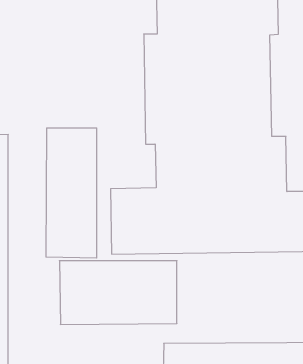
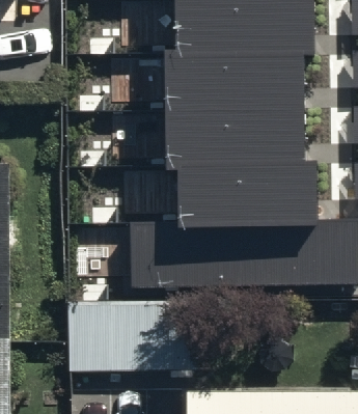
building: [46,128,97,258] -> none

